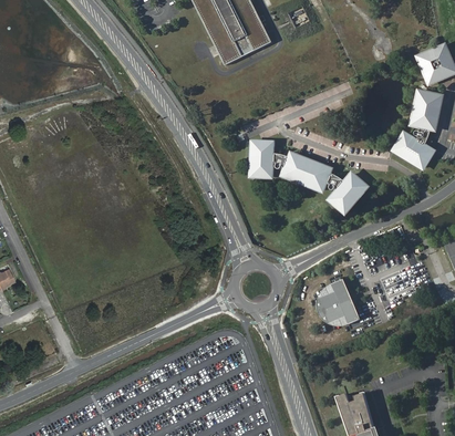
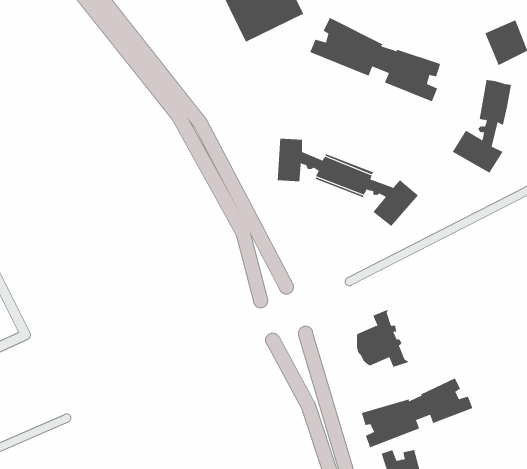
building: none -> [309,17,441,102]
building: none -> [361,377,473,448]

